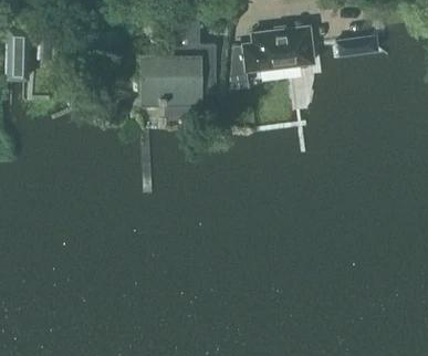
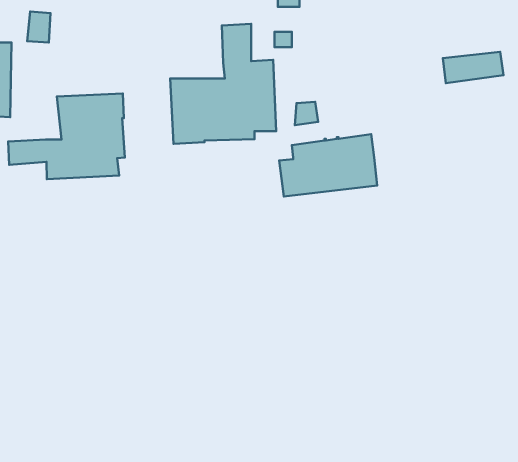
building: [241,28,311,72] -> [279,134,377,196]
building: none -> [8,93,125,179]

